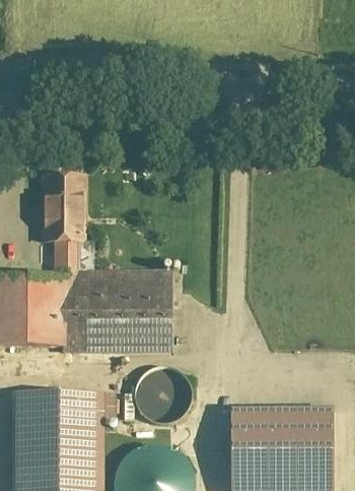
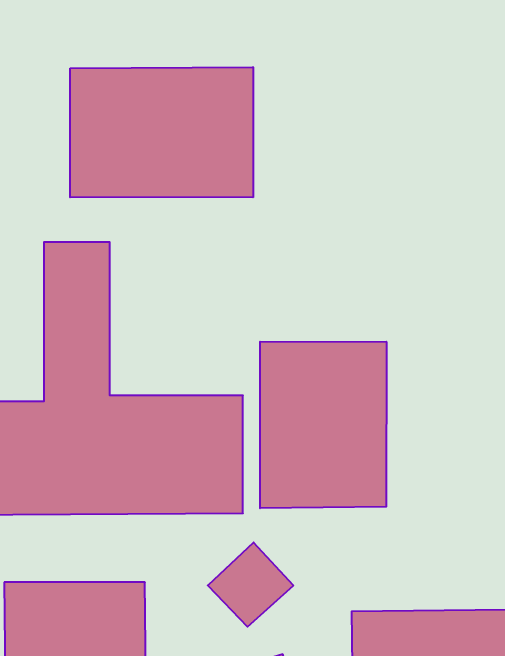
building: none -> [70,67,253,197]
building: none -> [260,342,386,508]

